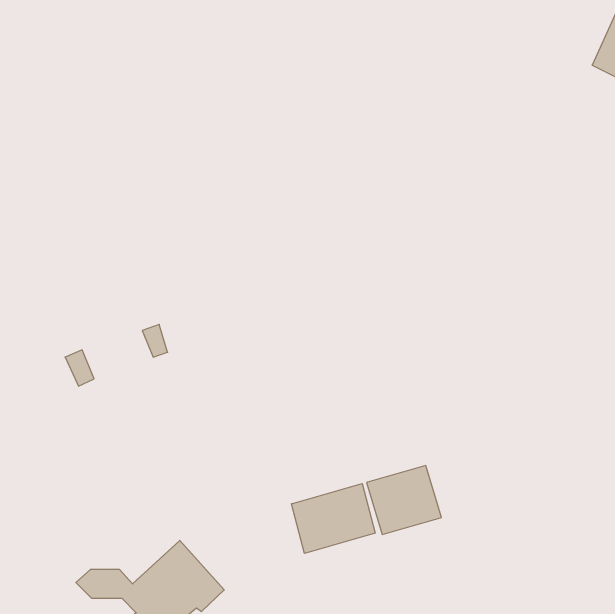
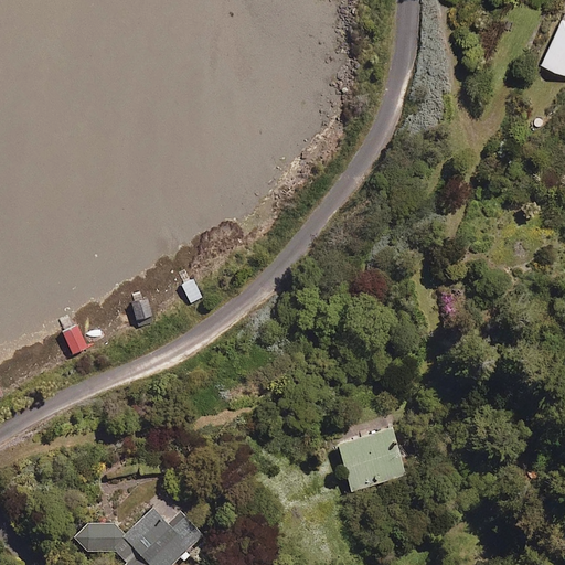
building: [291,484,375,553] -> none

